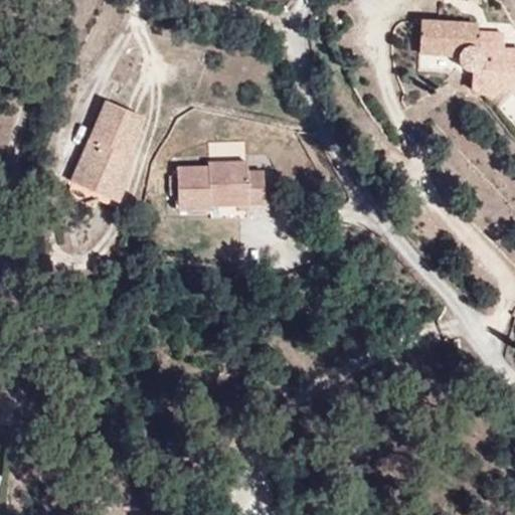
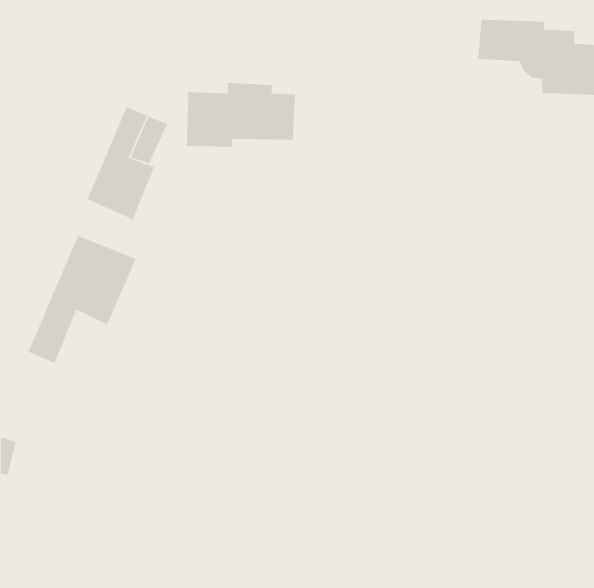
building: [176,157,271,213] -> [186,82,296,148]
building: none -> [28,235,137,364]

